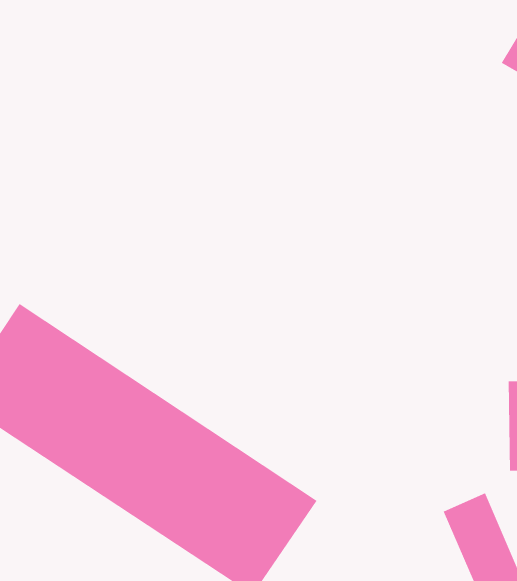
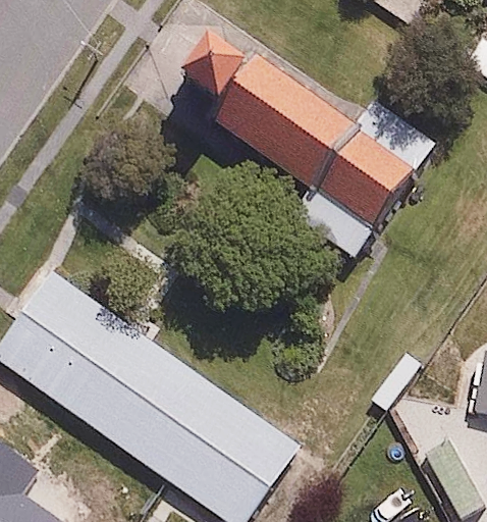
building: none -> [170,38,414,230]

